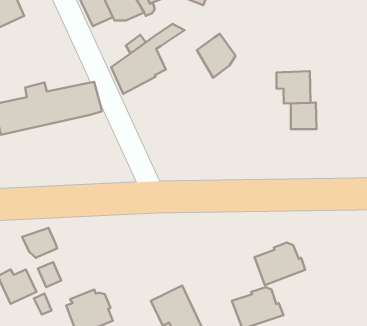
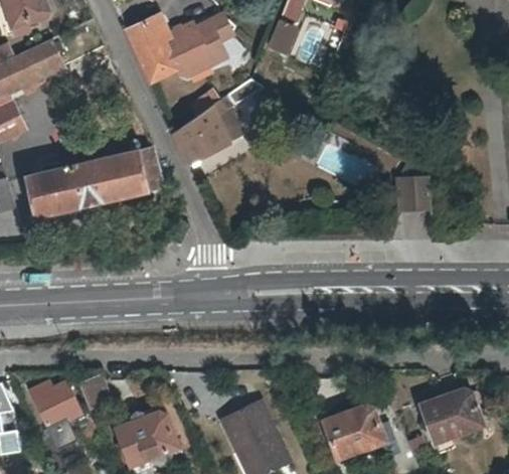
building: [197,34,235,78] -> none
building: [277,71,311,104] -> none
building: [22,228,57,258] -> none
building: [255,243,305,285] -> [421,390,485,444]

